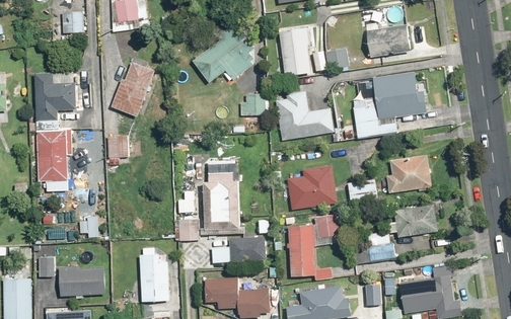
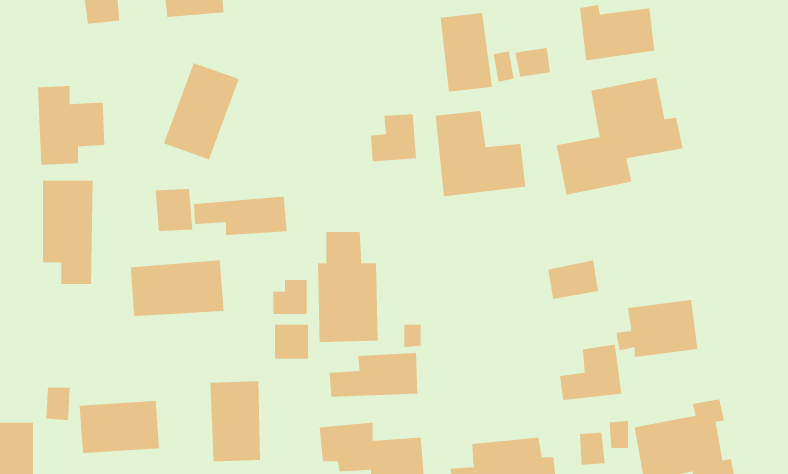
building: [192,26,252,82] -> none
building: none -> [194,196,287,236]
building: [387,154,432,195] -> none
building: [286,163,338,209] -> none
building: none -> [130,260,224,317]
building: [289,215,339,280] -> none

